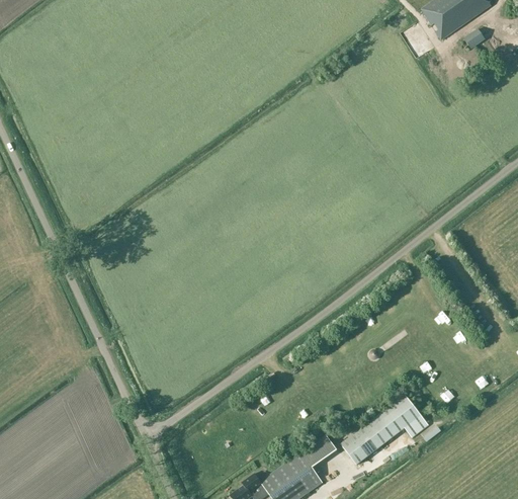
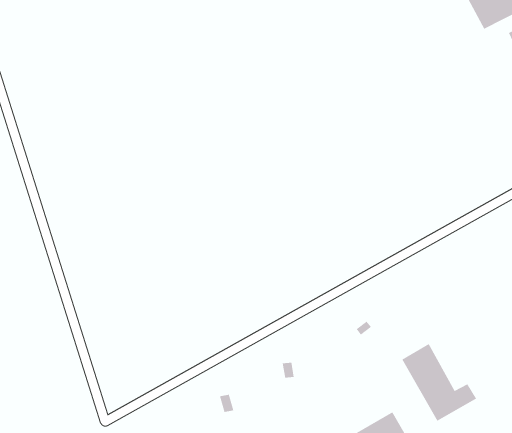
building: none -> [401,343,477,422]

